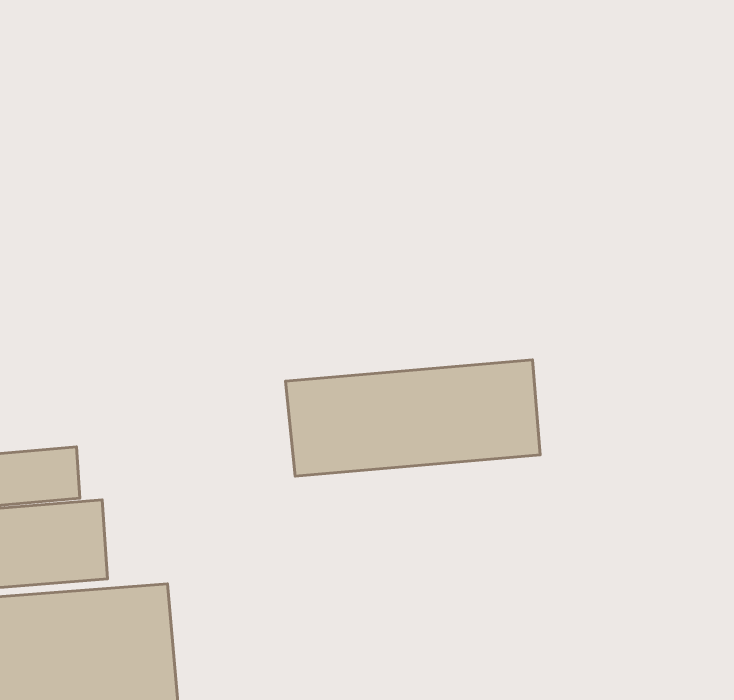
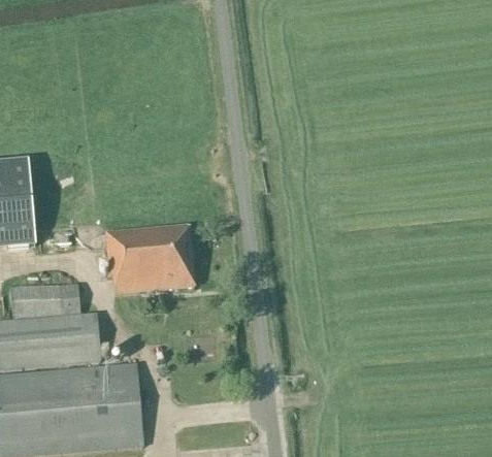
building: none -> [101,224,193,293]
building: [285,360,540,476] -> none

